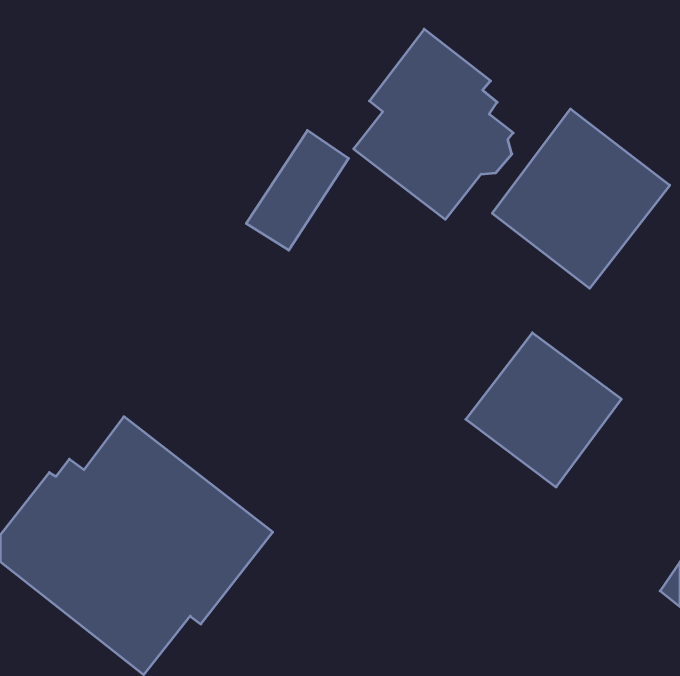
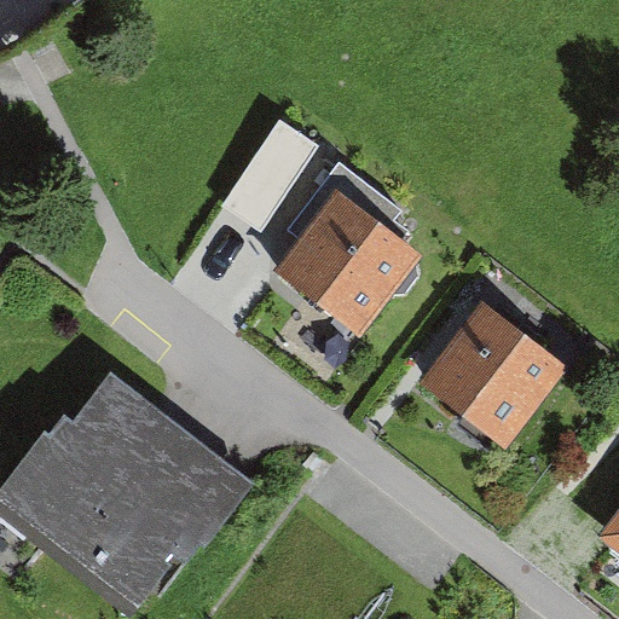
building: [354,29,513,219] -> [276,162,421,335]
building: [492,109,670,288] -> none

